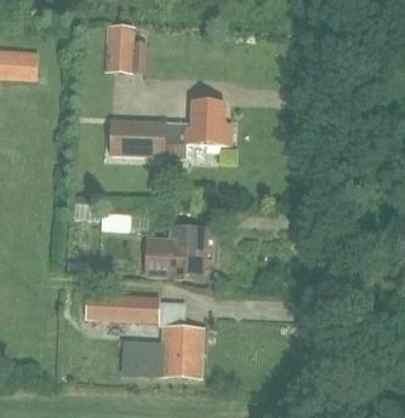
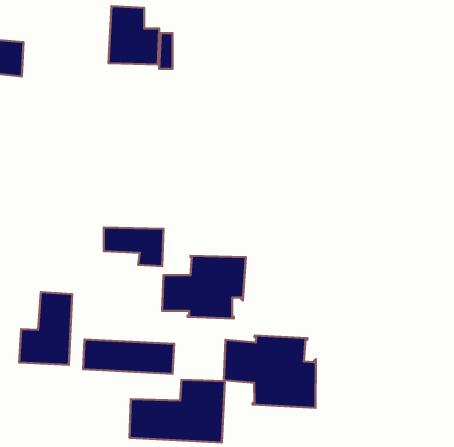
building: [109,101,223,154] -> none
building: none -> [19,292,72,365]
building: none -> [224,336,316,408]

